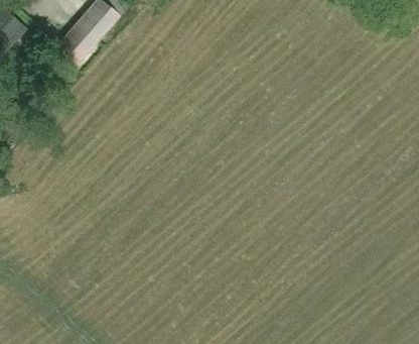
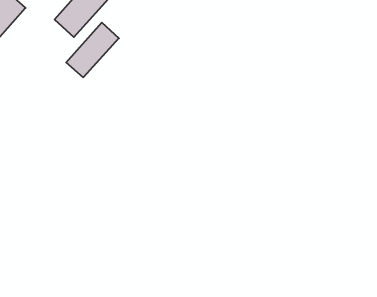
building: none -> [66,23,119,77]

